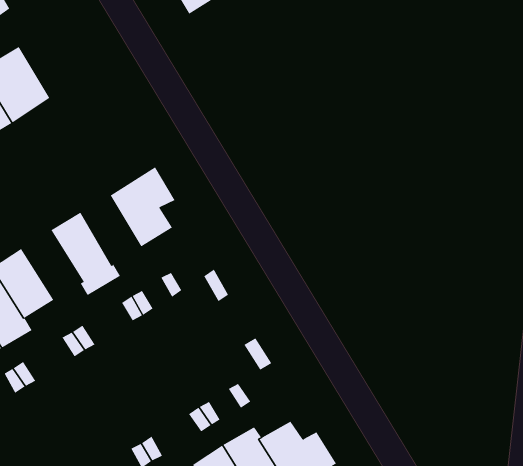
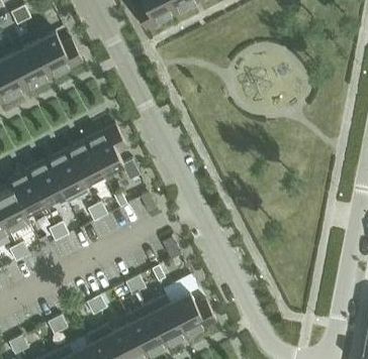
building: none -> [35,33,83,78]
building: none -> [67,142,103,187]
building: none -> [27,161,65,206]

